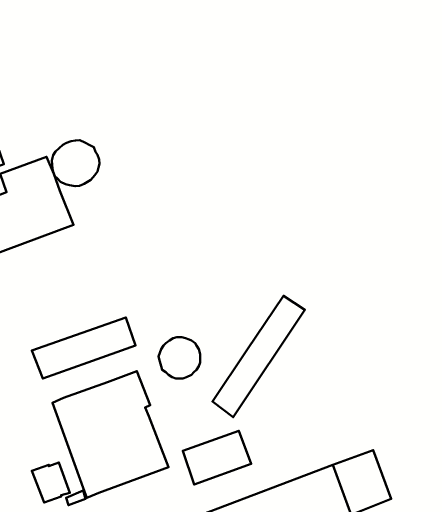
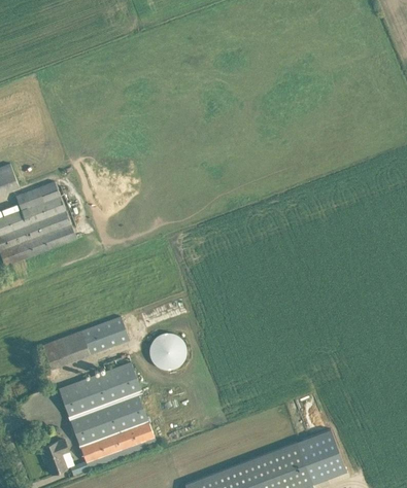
building: [52,140,99,186] -> none
building: [213,296,305,417] -> none
building: [183,431,251,485] -> none

